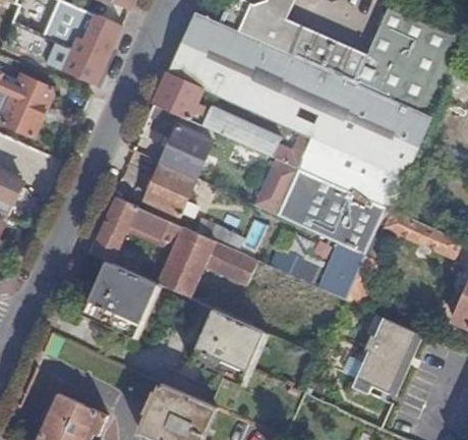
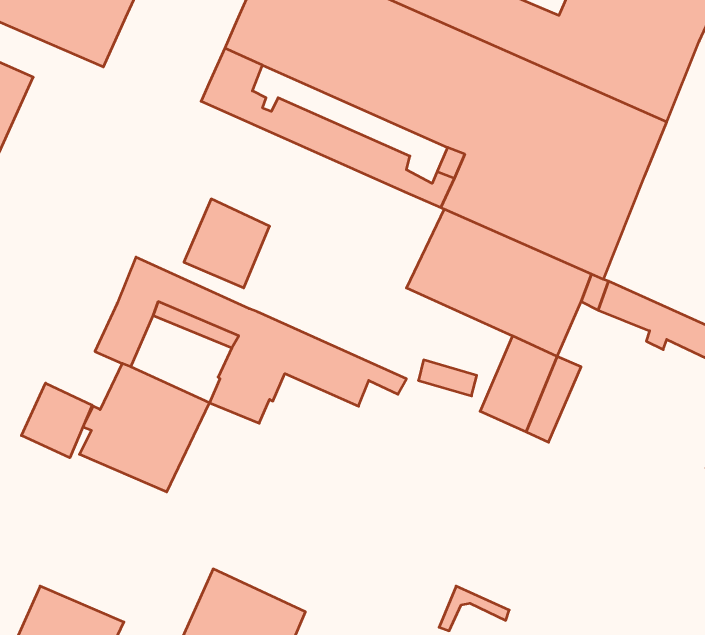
building: [160,125,212,178] -> none
building: [253,158,298,215] -> none
building: none -> [21,383,92,458]
building: [189,307,266,385] -> none
building: [354,318,418,393] -> none

